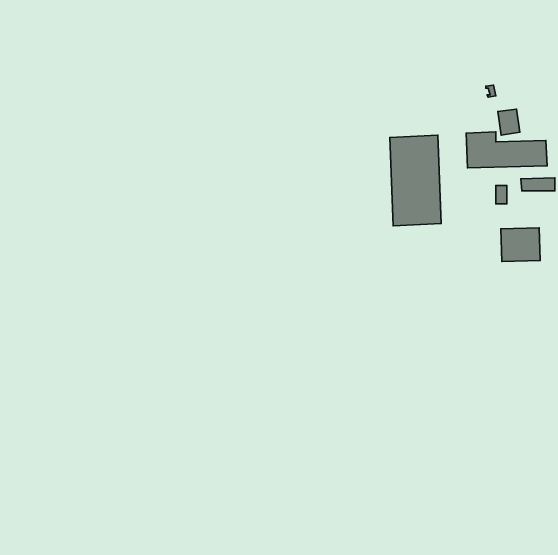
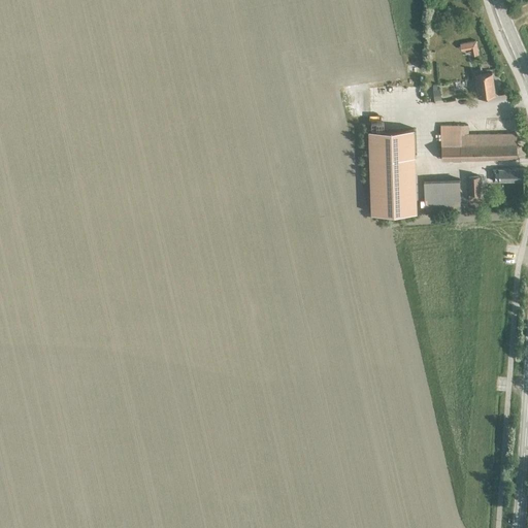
building: [498,109,520,135] -> [474,74,495,99]
building: [501,228,540,262] -> [425,182,462,213]

